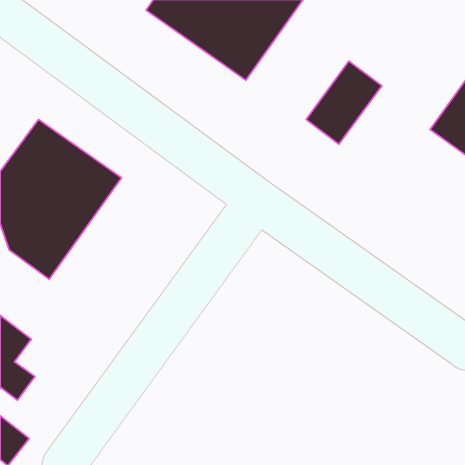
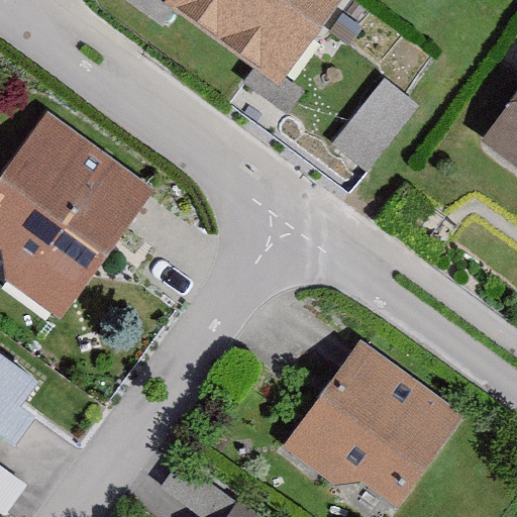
building: none -> [297,350,452,493]

